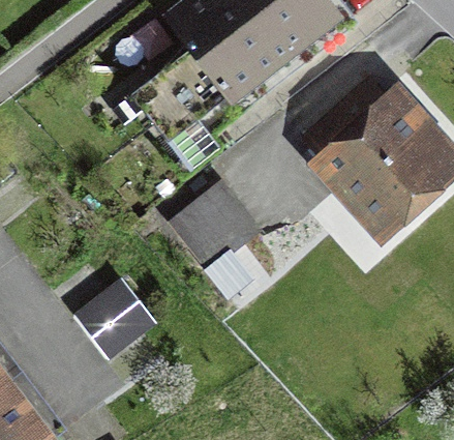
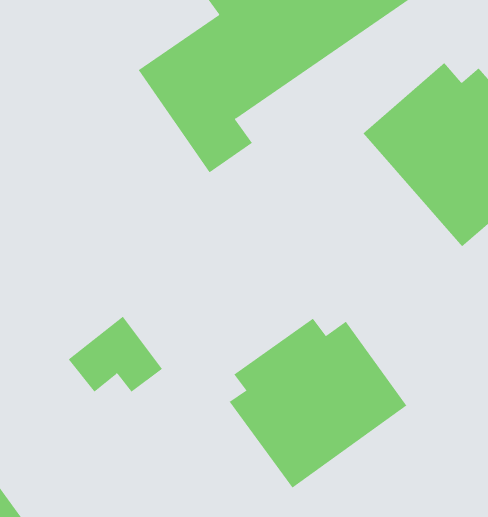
building: [172,184,259,270] -> none
building: none -> [229,318,407,489]

